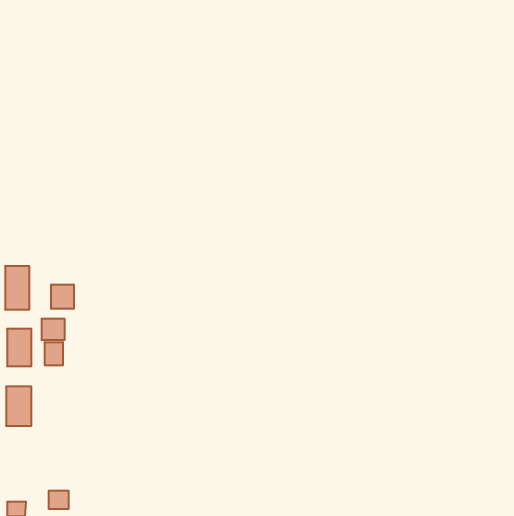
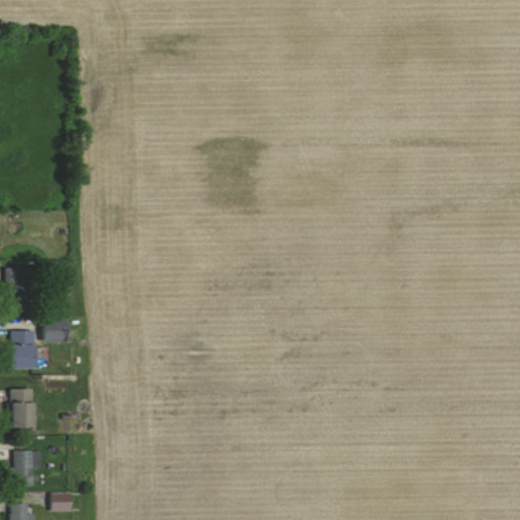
building: [51,284,74,309] -> none
building: [45,342,63,365] -> none
building: none -> [12,451,41,485]

